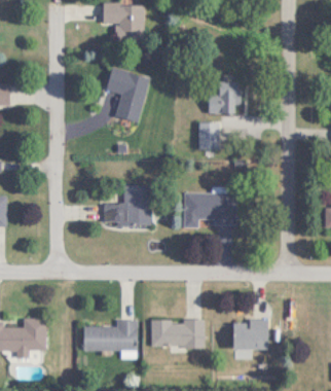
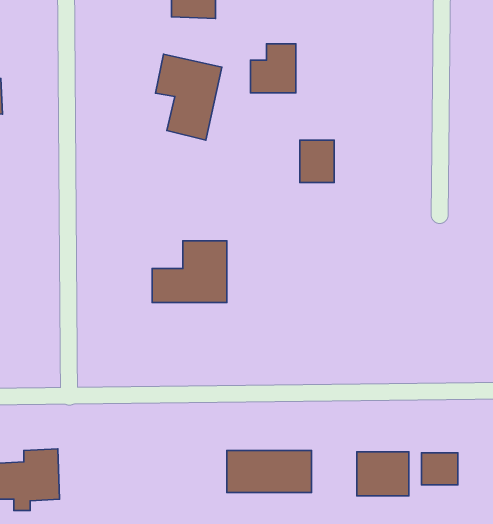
building: [209,83,237,114] -> [250,44,296,93]
building: [183,193,236,228] -> none
building: [83,321,137,351] -> none
building: none -> [421,453,458,485]

